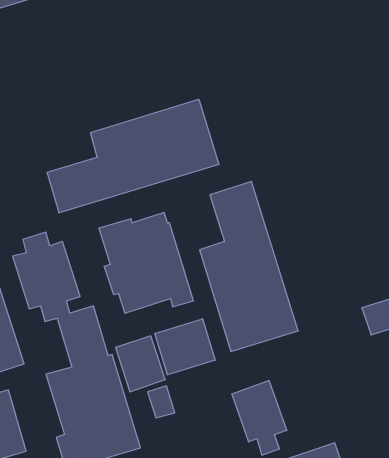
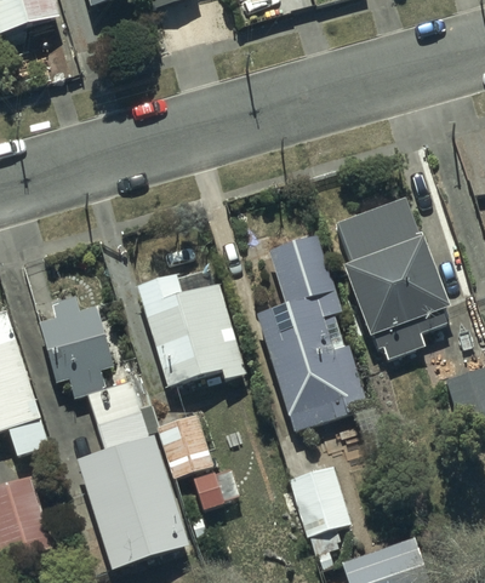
building: [47,99,219,213] -> none
building: none -> [335,196,450,359]
building: [155,319,215,375] -> none

